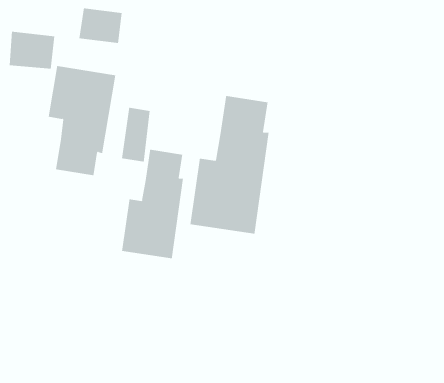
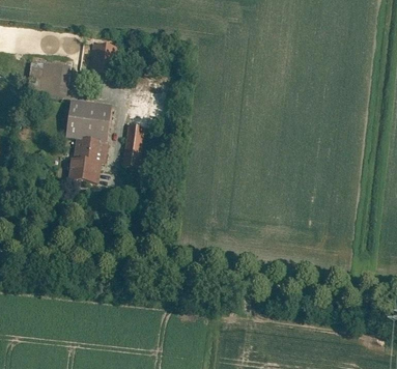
building: [190,95,269,234] -> none
building: [122,149,183,259] -> none

